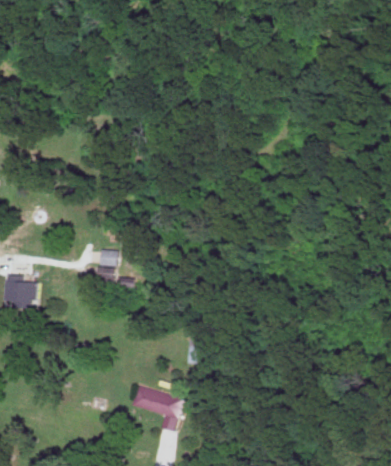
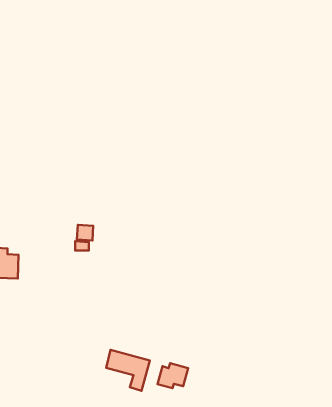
building: none -> [157,363,188,388]

